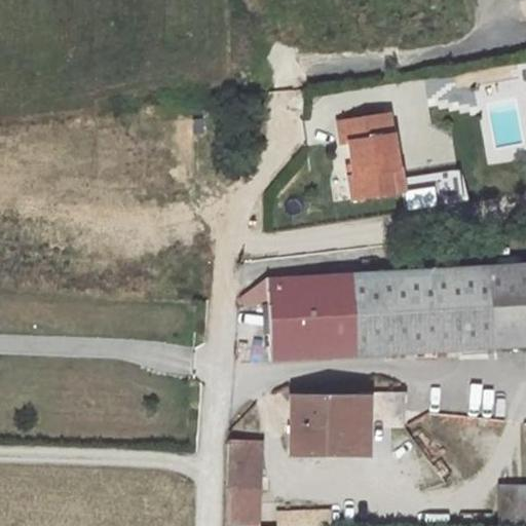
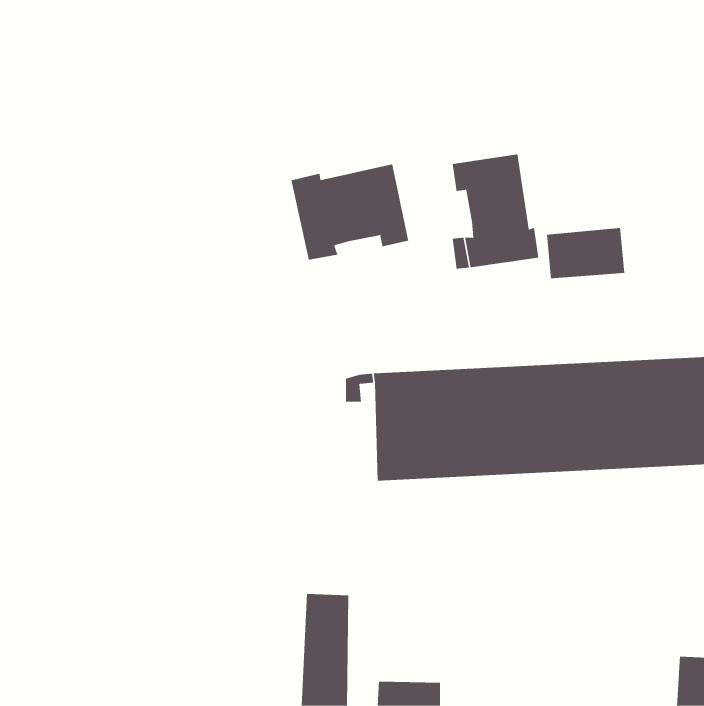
building: none -> [291,163,409,261]
building: [295,405,369,460] -> none

